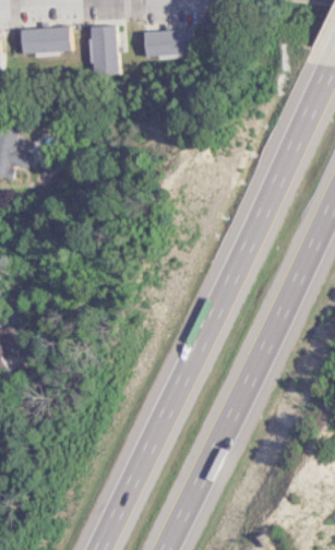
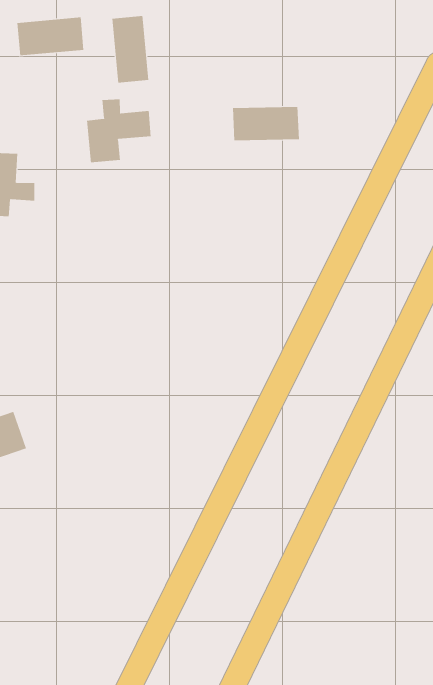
building: [141,31,192,57] -> [232,106,300,141]
building: none -> [87,99,151,163]

